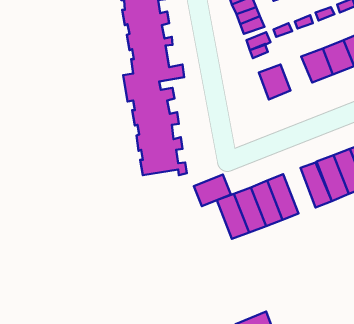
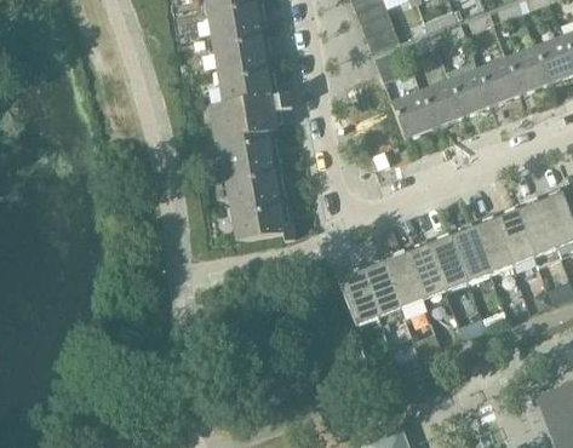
building: none -> [422,80,464,126]
building: none -> [425,230,469,292]
building: [194,175,231,206] -> none

